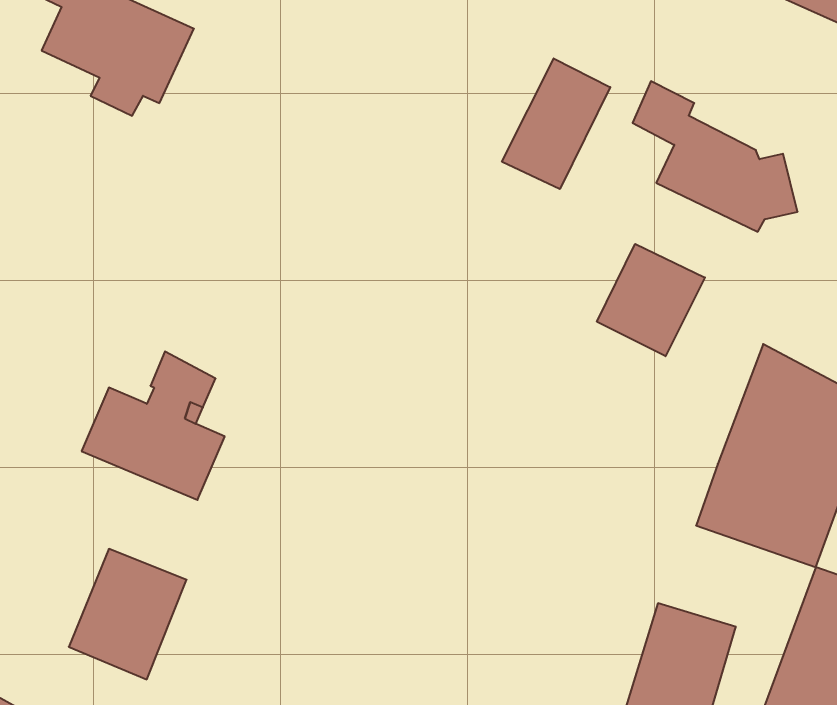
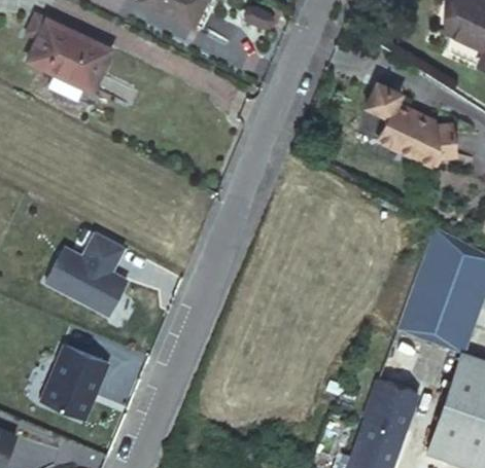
building: [502,58,610,189] -> none
building: [597,244,705,356] -> none

